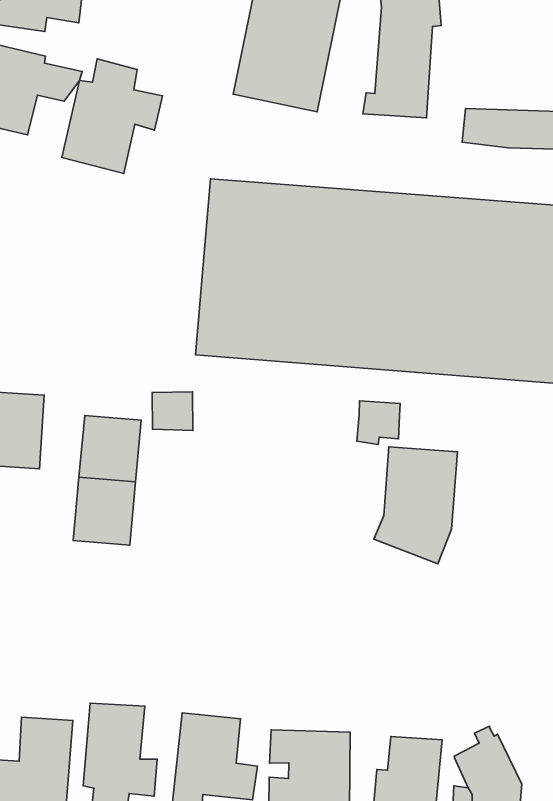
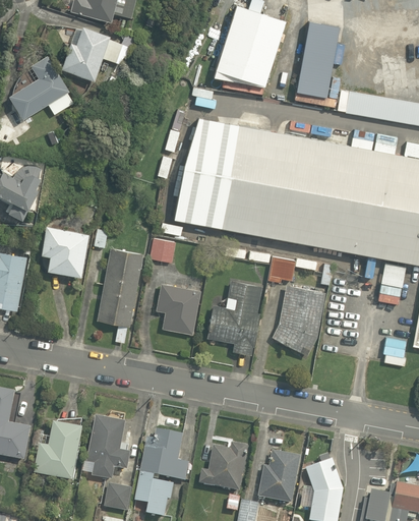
building: [62,59,163,173] -> none
building: none -> [206,281,262,355]
building: none -> [156,284,200,335]

